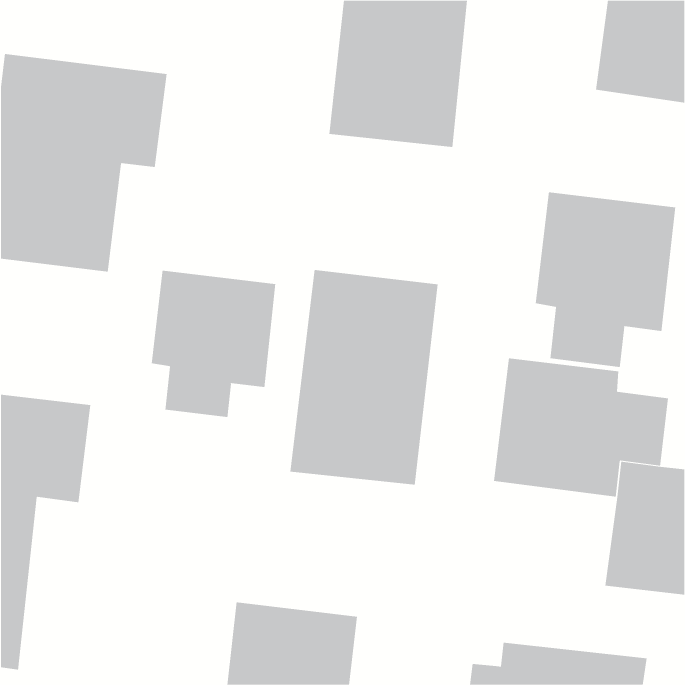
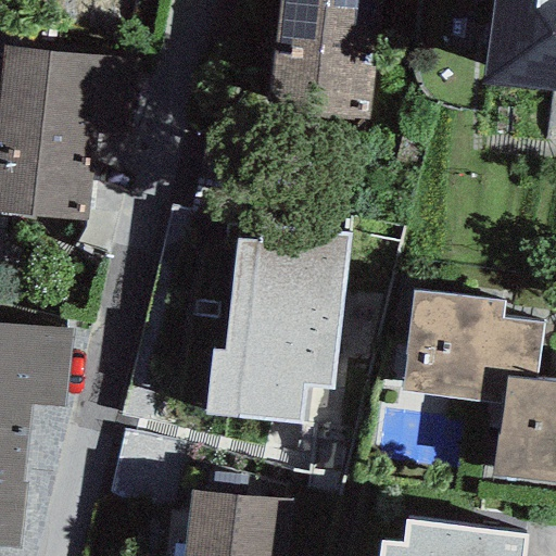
building: [535,191,676,368] -> none
building: [151,270,276,418] -> none

